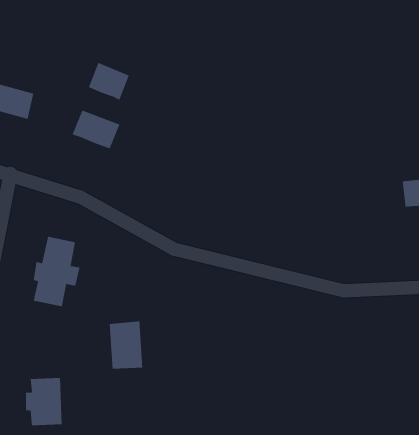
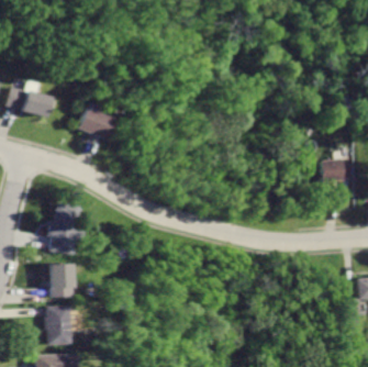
building: [88,62,130,101] -> none
building: [109,320,143,369] -> [45,264,70,300]

